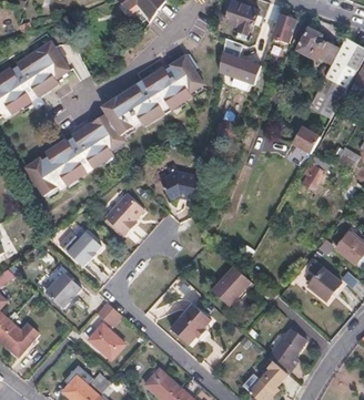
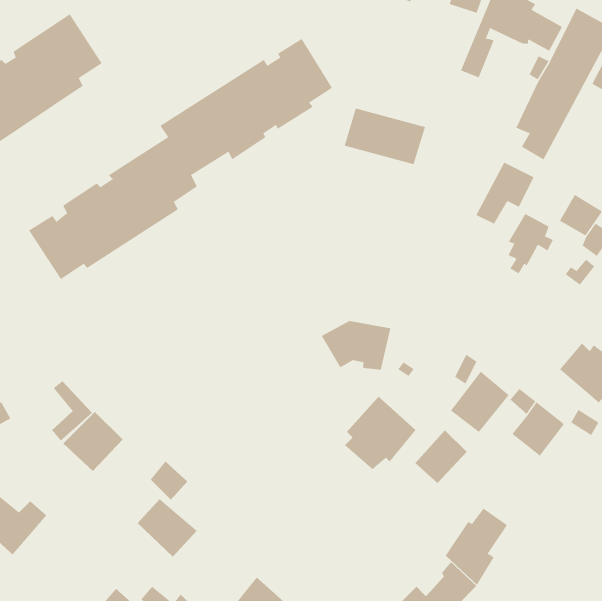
building: [218,50,265,83] -> [344,108,426,165]
building: [158,173,199,202] -> [321,321,391,370]
building: [104,194,144,235] -> none
building: [59,230,100,265] -> none
building: none -> [450,371,510,433]
building: none -> [414,429,468,484]
building: [170,301,211,342] -> none

